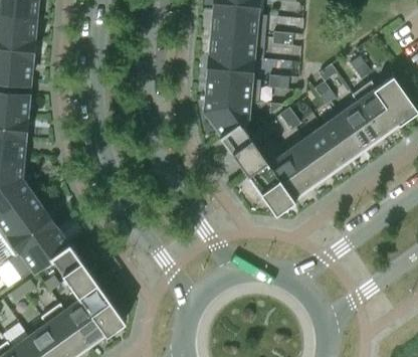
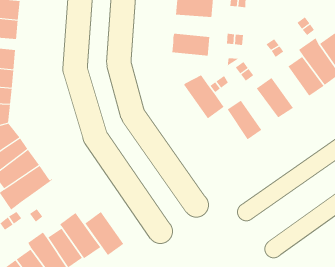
building: [209,54,253,79] -> none
building: [206,98,249,133] -> none
building: [322,114,364,161] -> none
building: [286,139,329,186] -> none
building: [248,160,294,213] -> none
building: [52,243,97,295] -> [85,211,124,256]

